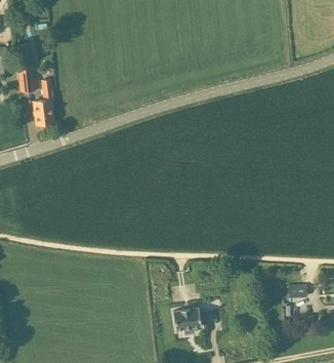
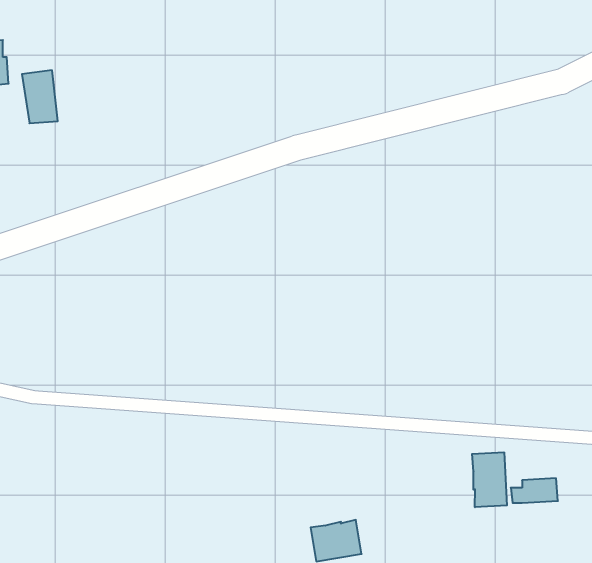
building: [34,78,55,124] -> none
building: none -> [472,452,507,507]

